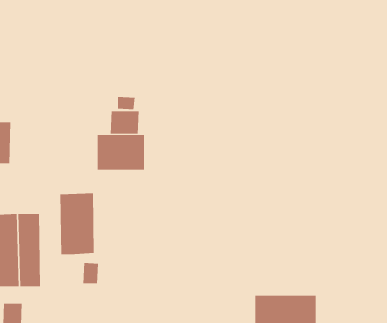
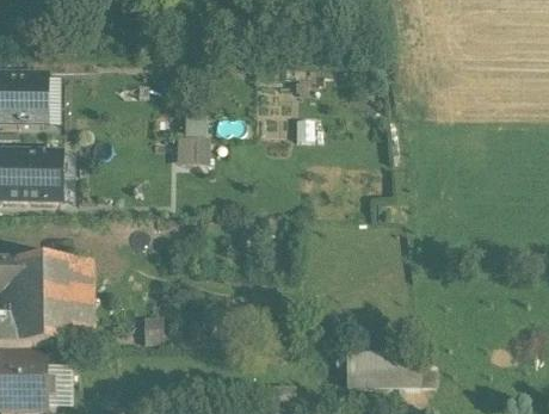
building: [97,134,145,170] -> none
building: [60,192,94,255] -> none

